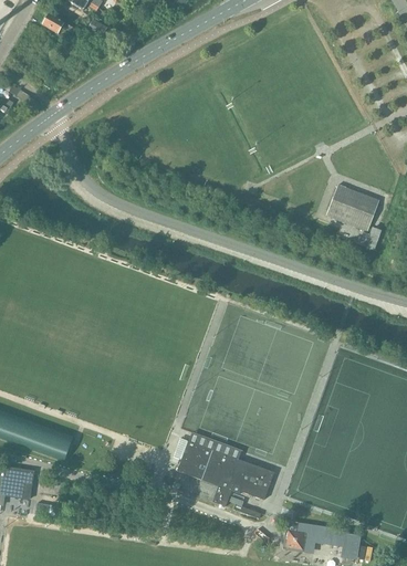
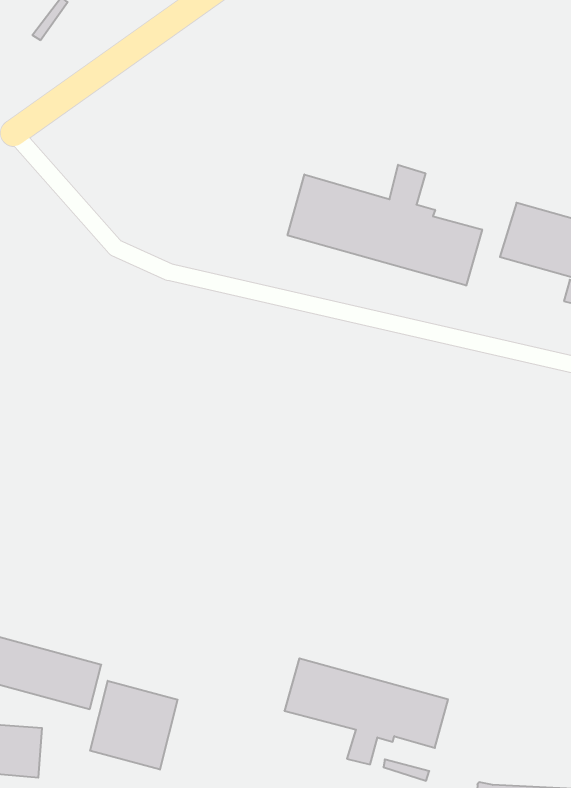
building: none -> [288,165,482,286]
building: none -> [90,681,178,770]

